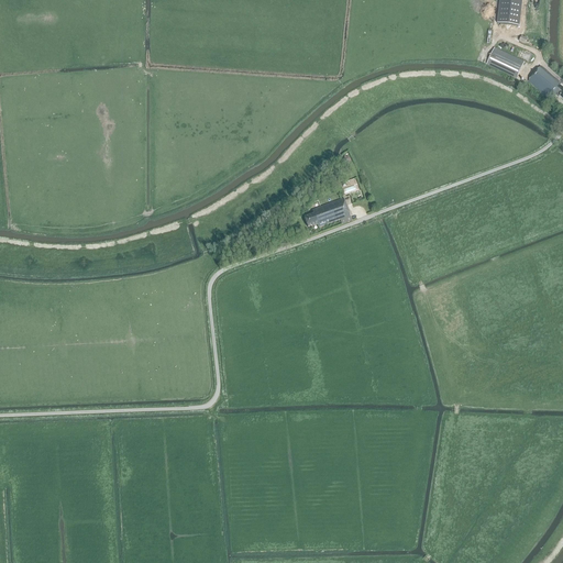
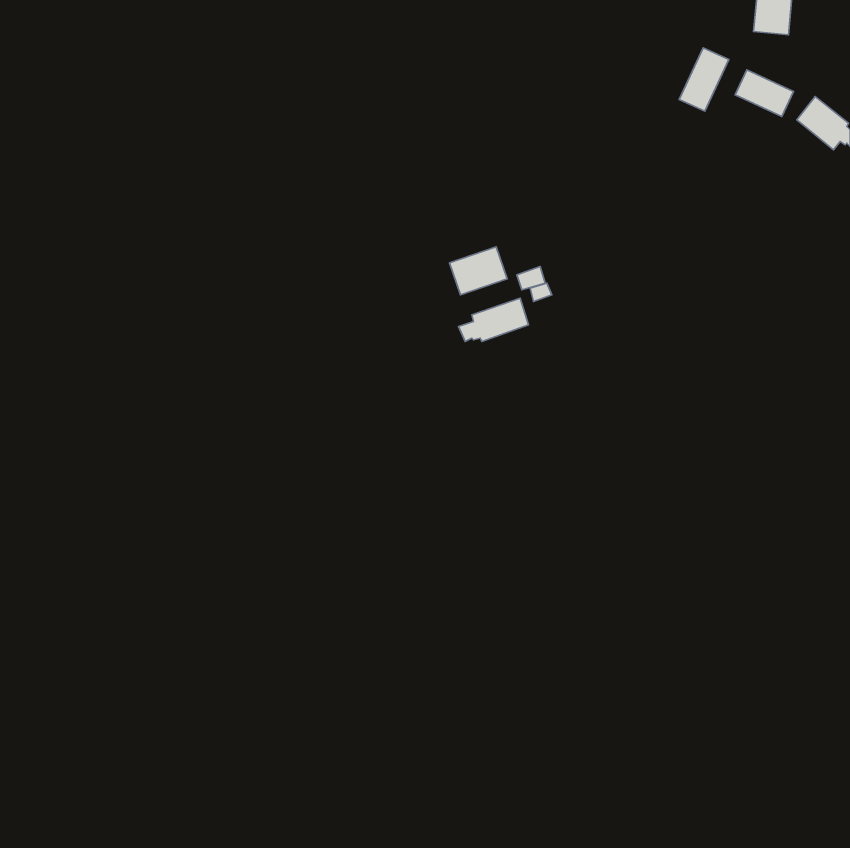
building: none -> [679,48,729,111]
building: none -> [449,247,507,295]

